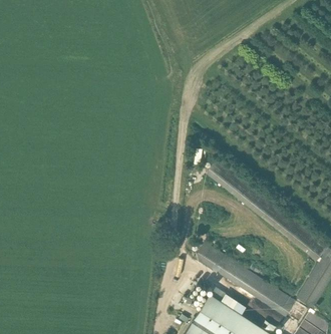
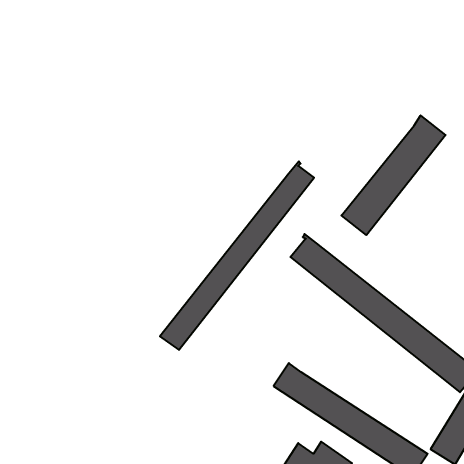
building: none -> [341,115,446,235]
building: none -> [160,161,314,350]

